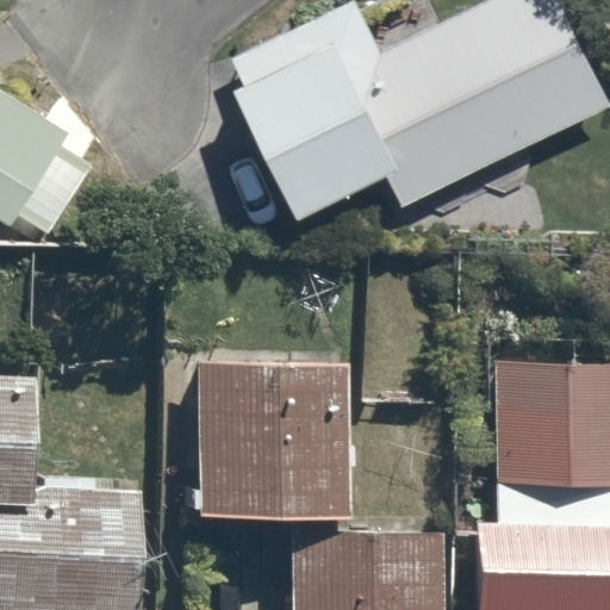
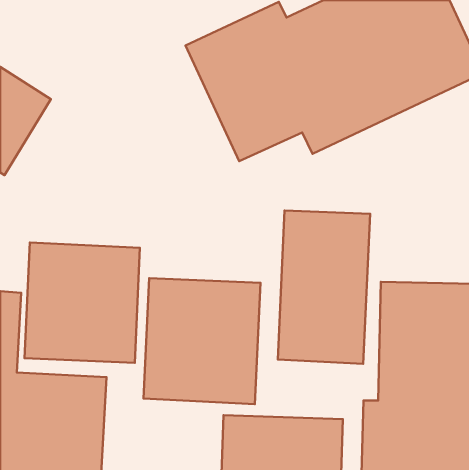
building: none -> [278,210,370,364]
building: none -> [24,242,140,363]

